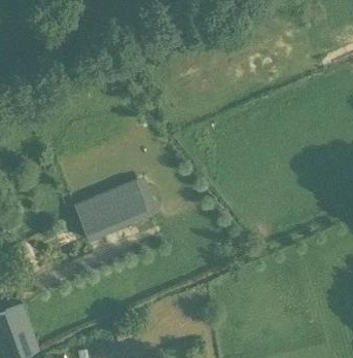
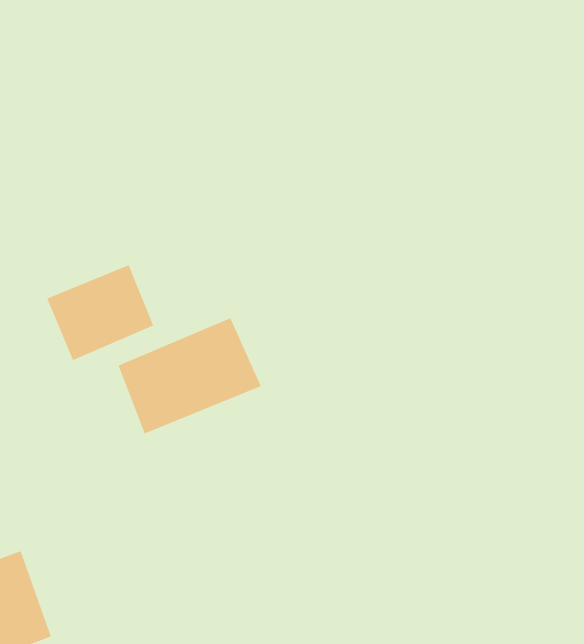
building: none -> [46,264,154,361]

